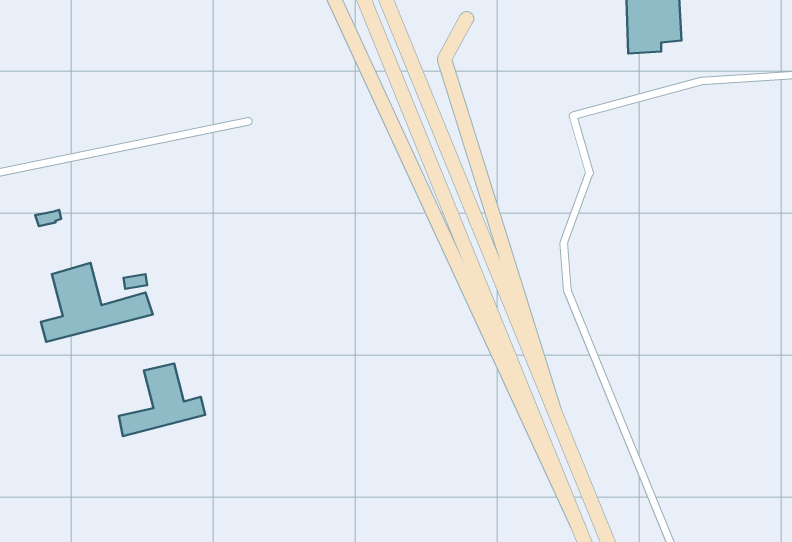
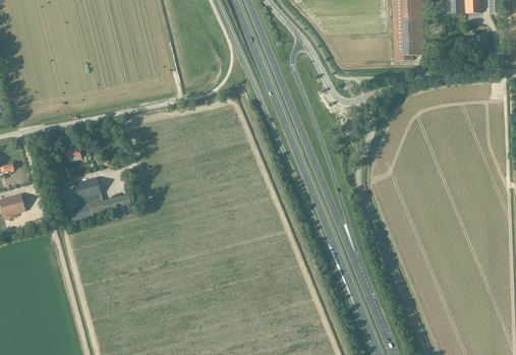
building: [119,364,205,436] -> none

